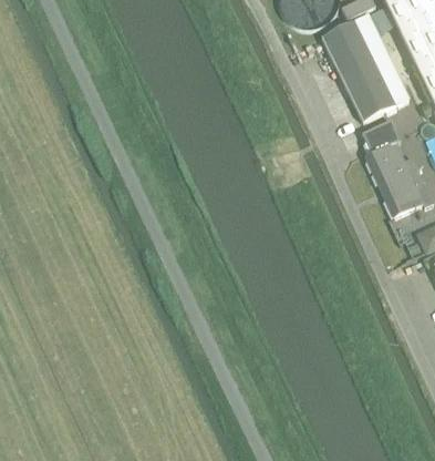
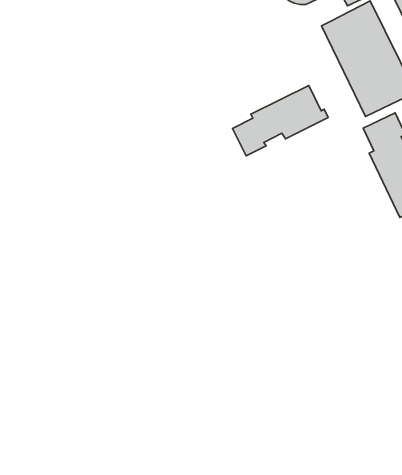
building: none -> [233,86,328,156]

